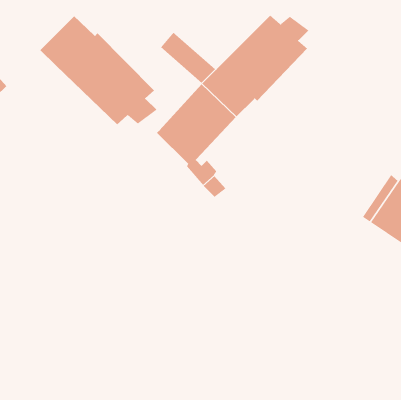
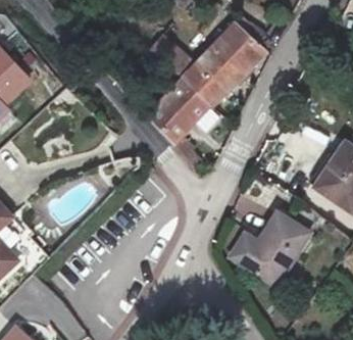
building: [39,16,157,125] -> none
building: none -> [244,211,310,286]

